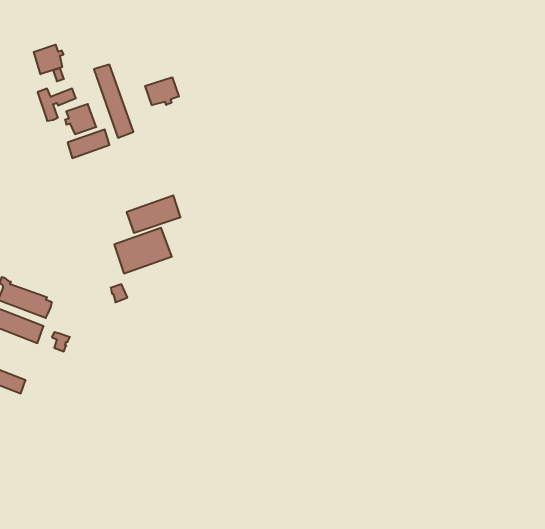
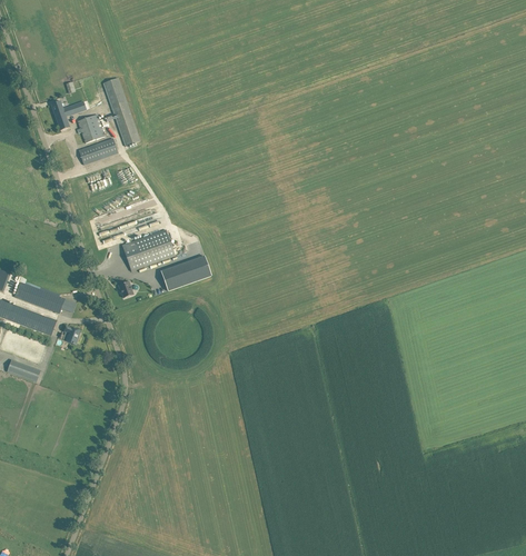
building: [34,45,63,74] -> none
building: [145,77,179,105] -> none
building: [127,195,181,233] -> [160,256,210,290]

